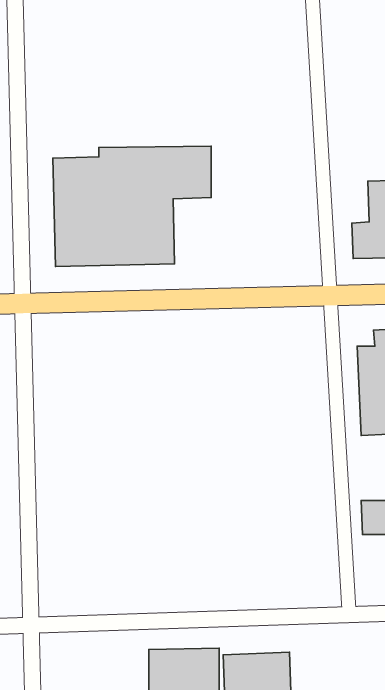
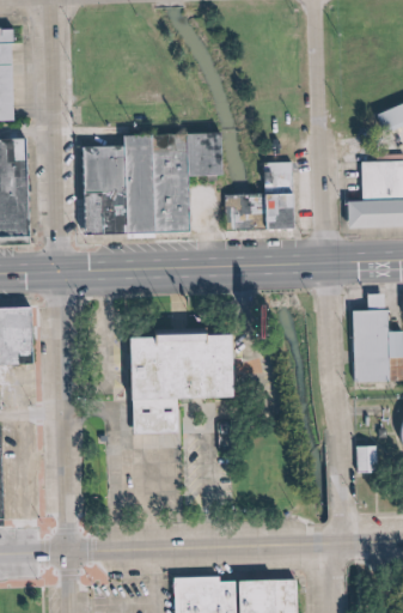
building: none -> [268,163,297,230]
building: none -> [221,195,255,231]
building: none -> [129,333,237,435]

